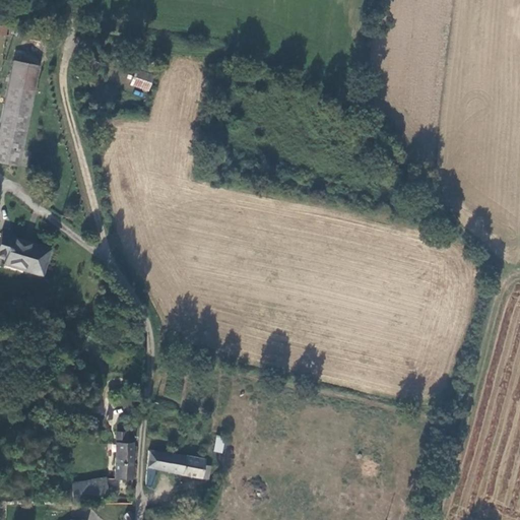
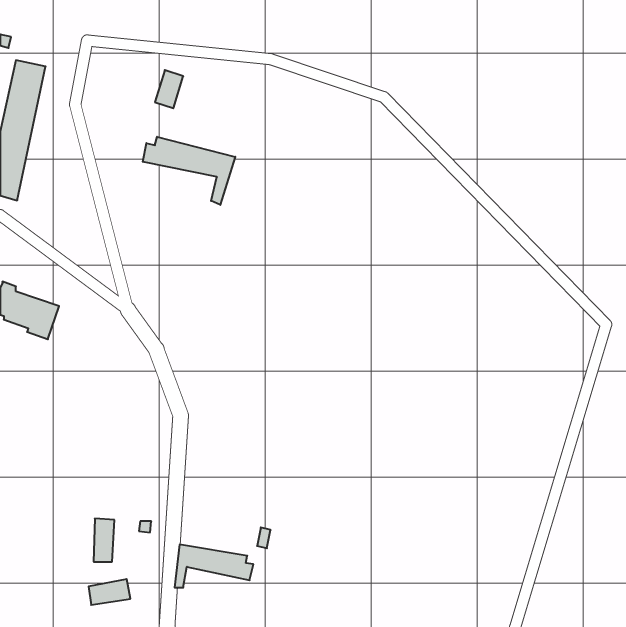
building: none -> [143,137,235,205]
building: [117,443,134,478] -> [94,519,114,562]

